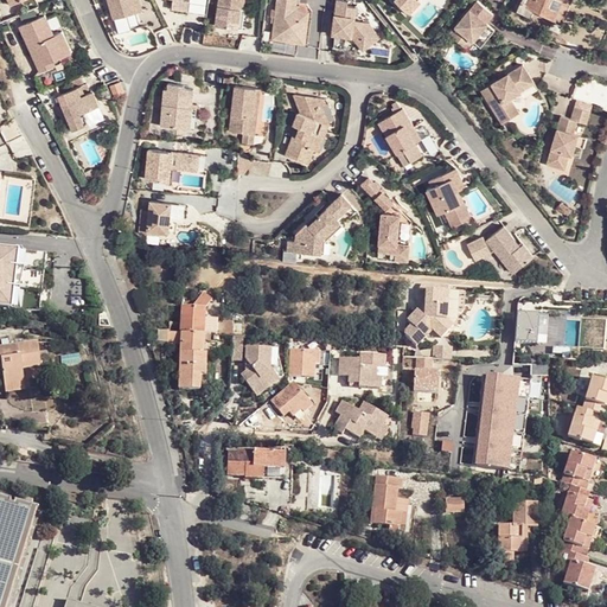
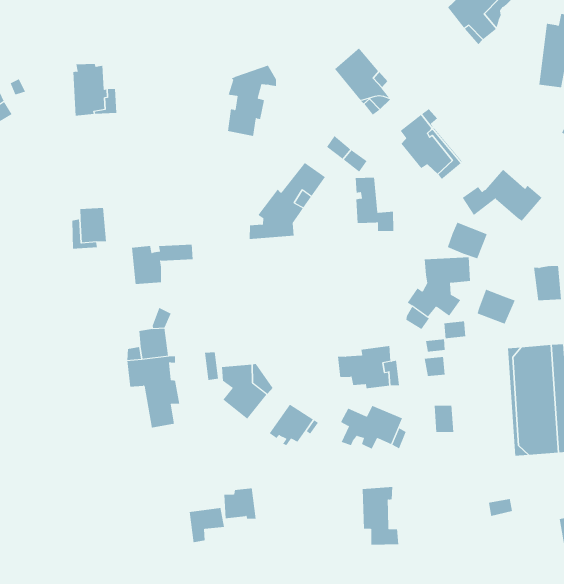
building: [229,83,260,130] -> none
building: [292,92,332,120] -> none
building: [146,146,199,179] -> [131,244,194,284]
building: none -> [447,222,487,259]
building: none -> [477,289,516,325]
building: [288,350,315,378] -> none
building: [251,453,280,479] -> [189,508,225,543]
building: [373,477,404,528] -> [362,486,399,545]

